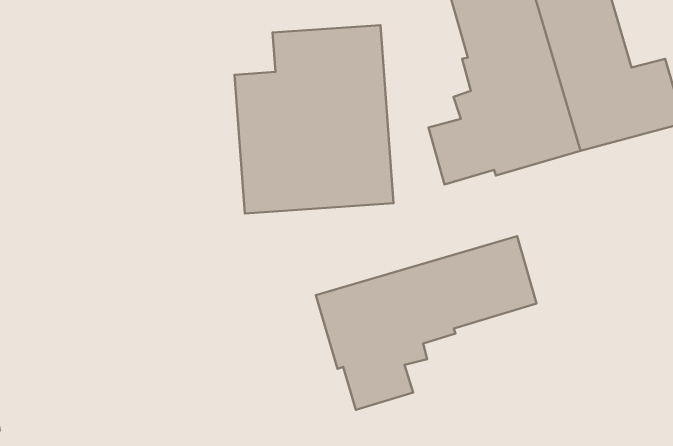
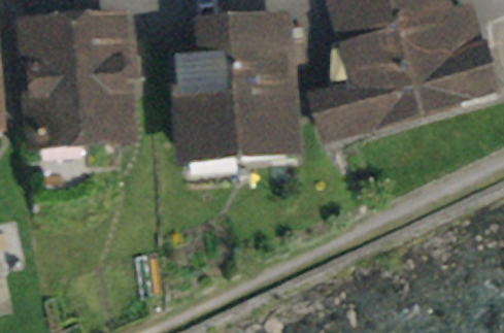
building: none -> [33,24,129,139]
building: [316,236,536,410] -> none

